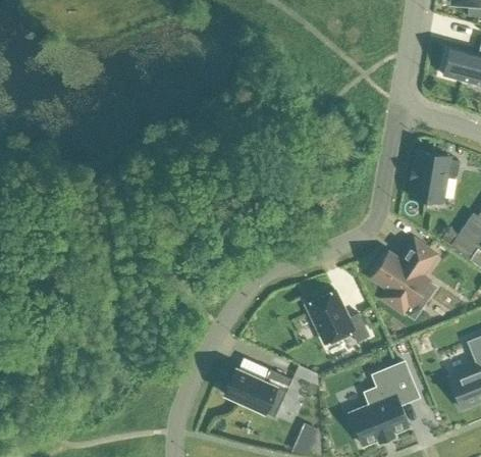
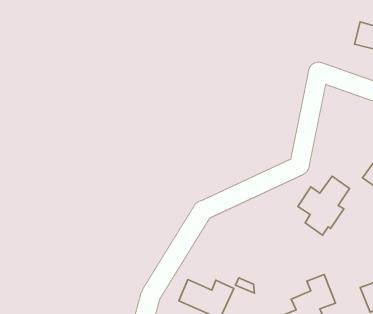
building: [411,153,460,202] -> none
building: [307,292,370,343] -> none

